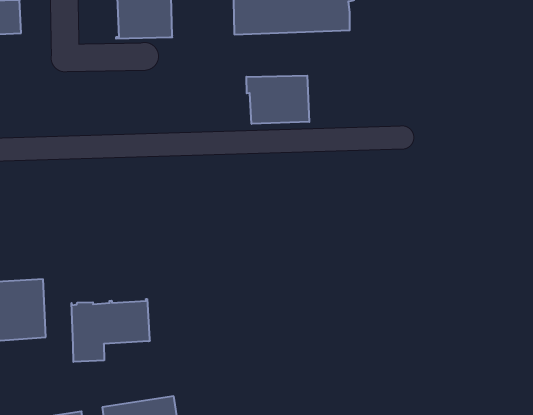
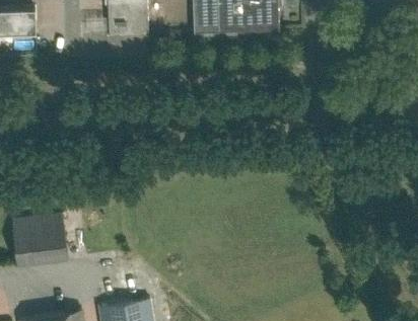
building: [246,76,309,124] -> none
building: [72,299,150,362] -> none

